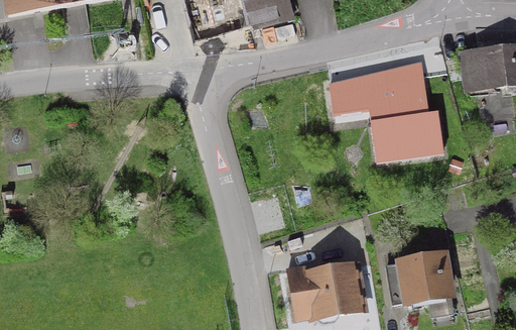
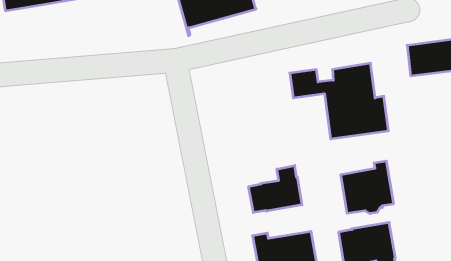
building: none -> [341,161,393,214]
building: none -> [249,165,302,213]

